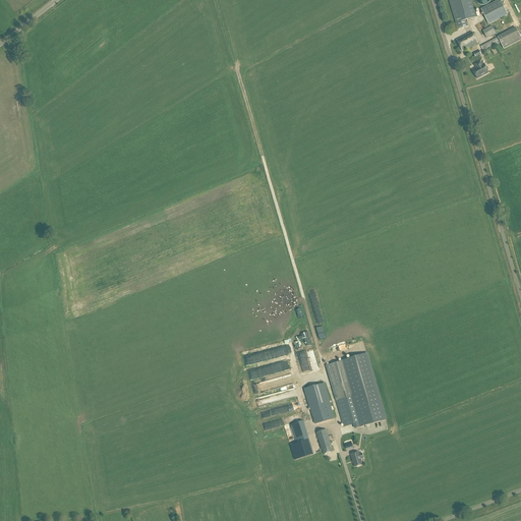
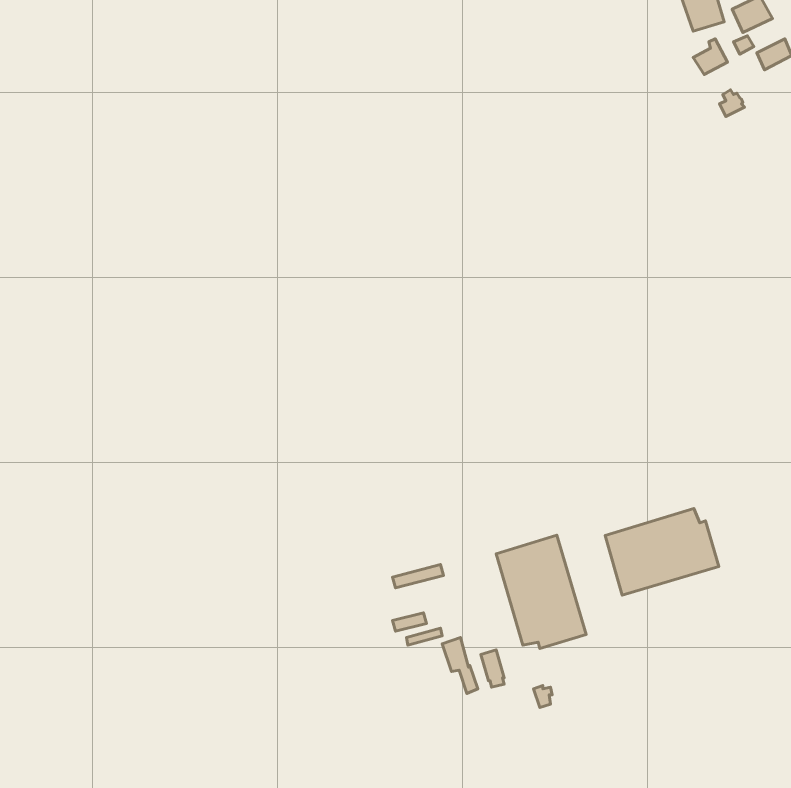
building: none -> [605,509,719,595]
building: [304,381,333,421] -> none

